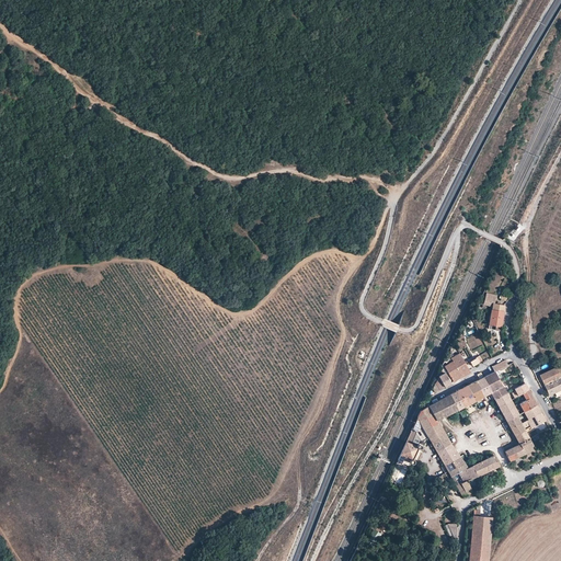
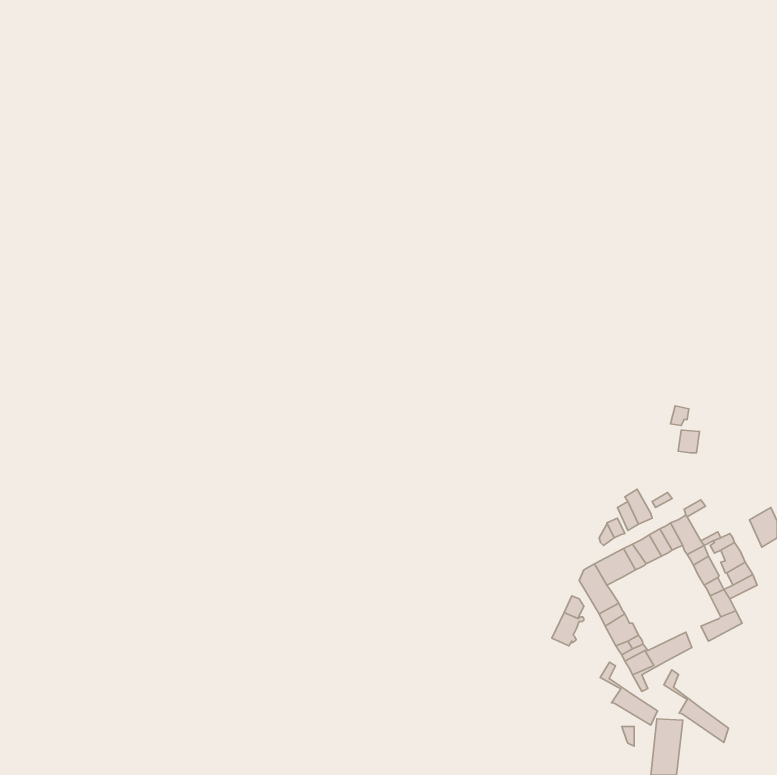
building: none -> [600,662,657,725]
building: none -> [664,670,728,742]

